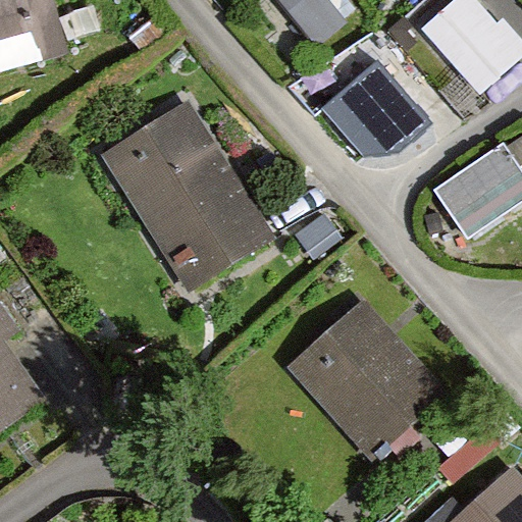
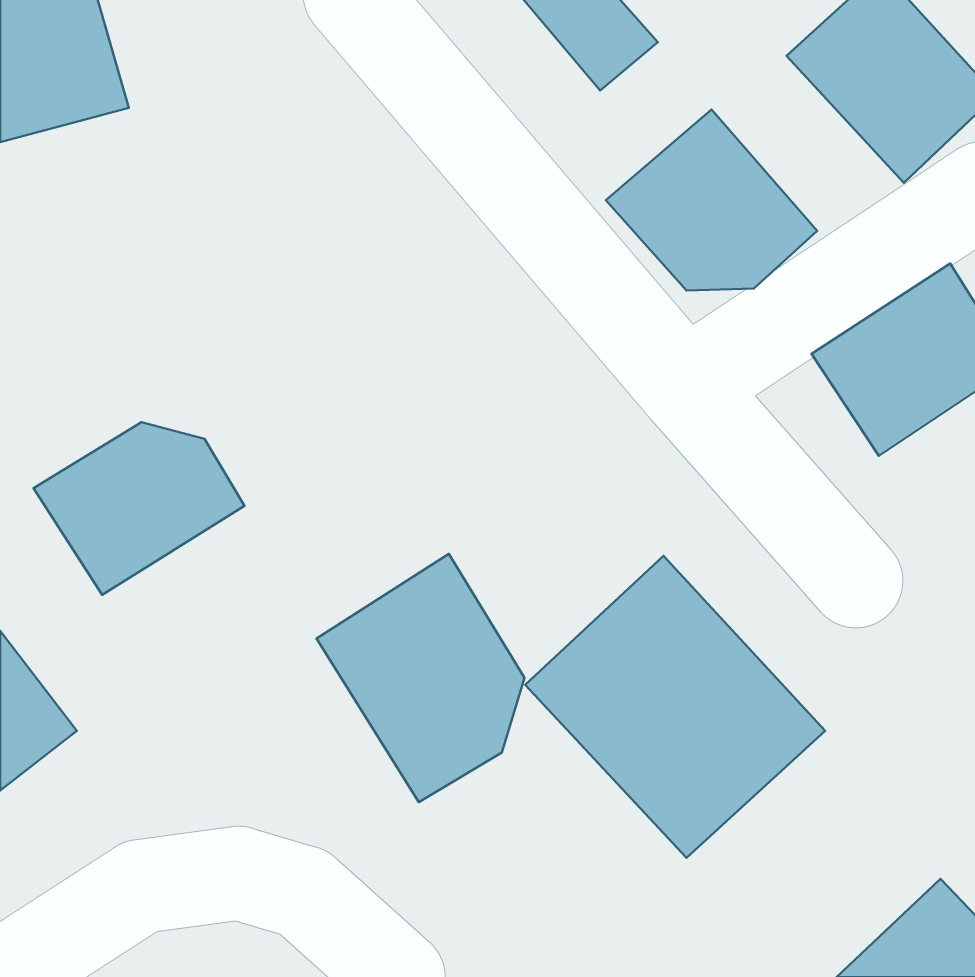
building: [98,102,267,286] -> none
building: none -> [34,422,245,595]
building: none -> [317,554,524,802]

